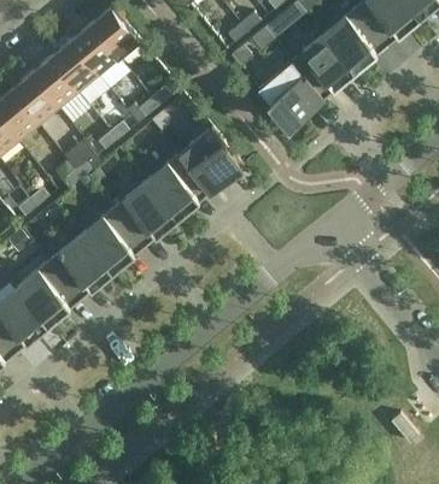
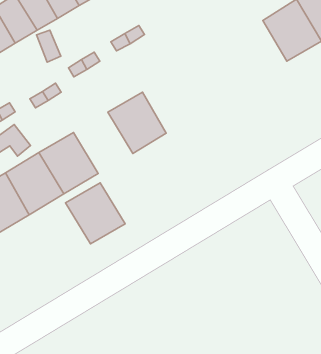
building: [256,61,321,128] -> none
building: [176,128,241,194] -> none
building: [111,182,176,247] -> [66,183,125,244]

